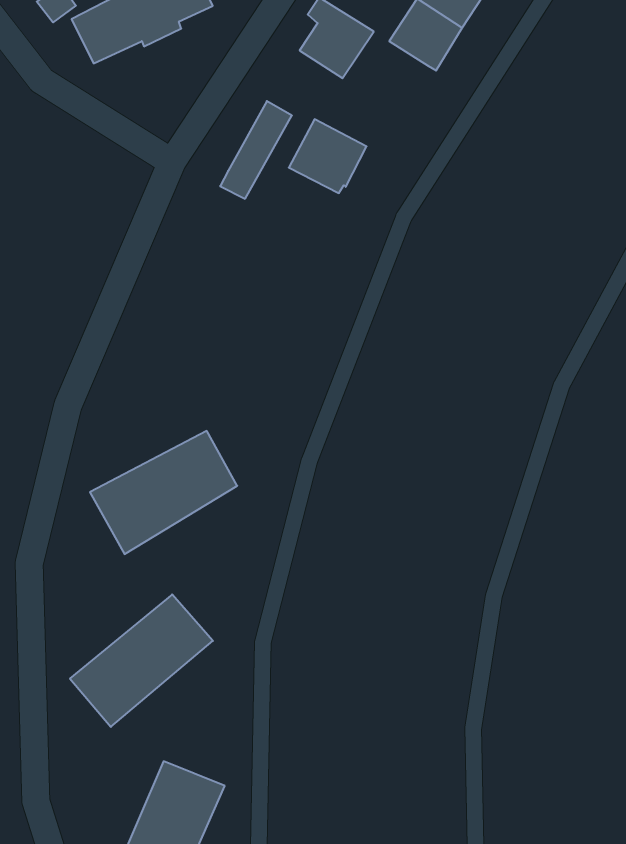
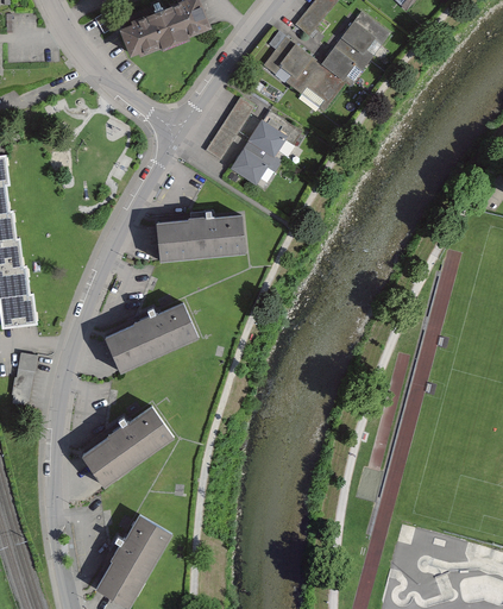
building: none -> [288,55,344,108]
building: none -> [231,138,279,186]
building: none -> [157,216,245,262]

